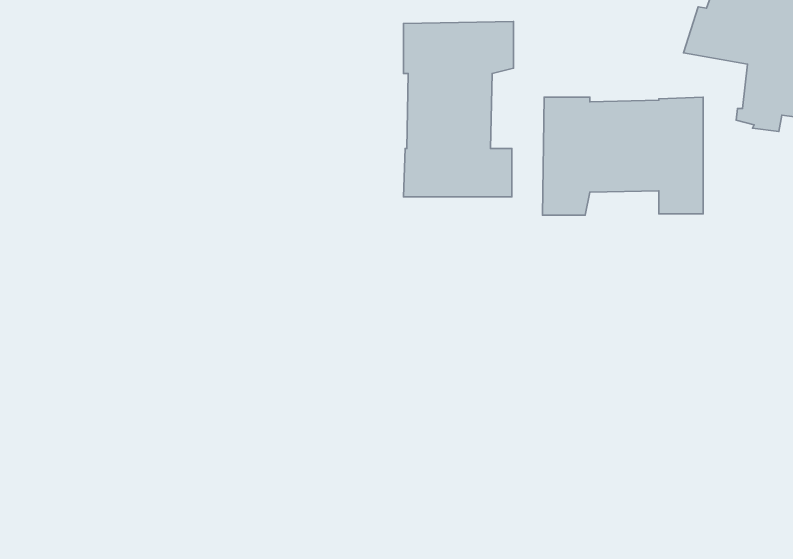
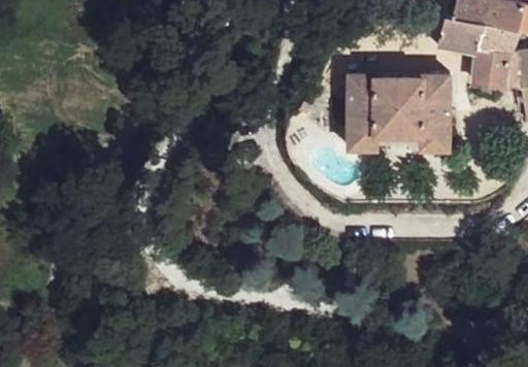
building: [404,22,513,197] -> none

